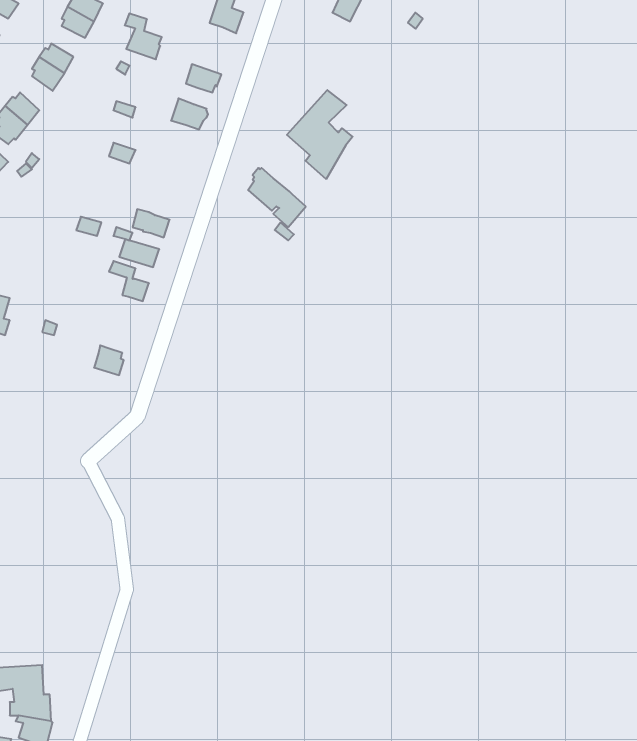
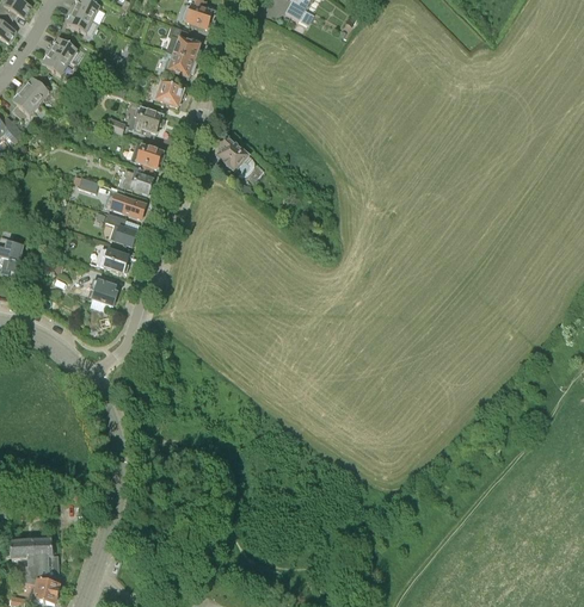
building: [125,13,162,59] -> [170,25,199,62]
building: [287,90,353,179] -> none
building: none -> [128,106,161,132]
building: none -> [129,142,162,172]
building: none -> [96,247,128,272]

